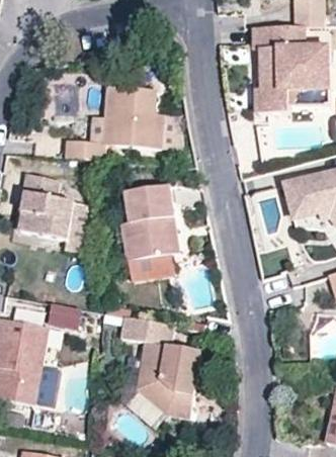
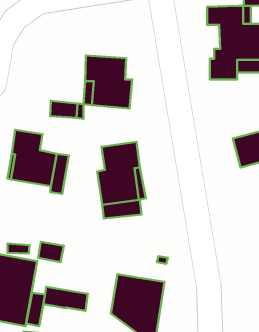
building: [118,318,171,347] -> [44,287,88,311]

